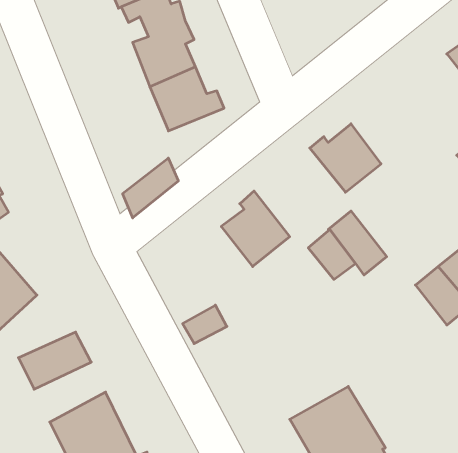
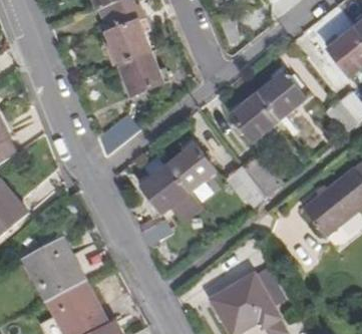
building: none -> [257,67,304,119]
building: none -> [135,163,200,222]
building: none -> [34,259,84,301]

